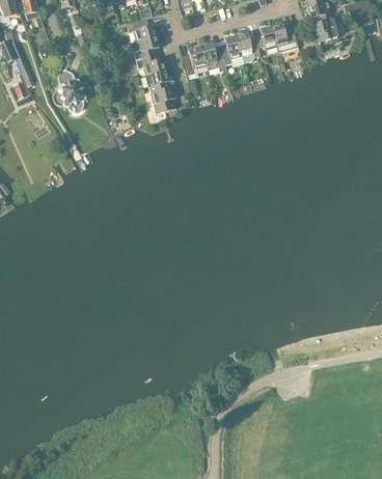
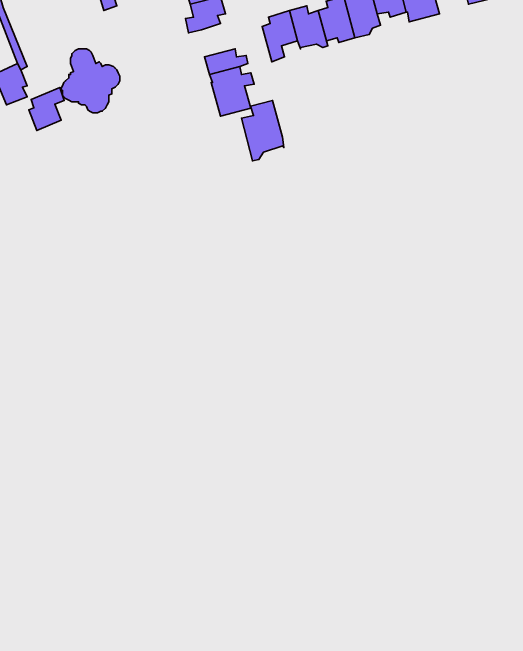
building: [136,52,166,74] -> none
building: none -> [29,87,64,131]
building: none -> [241,101,284,161]

